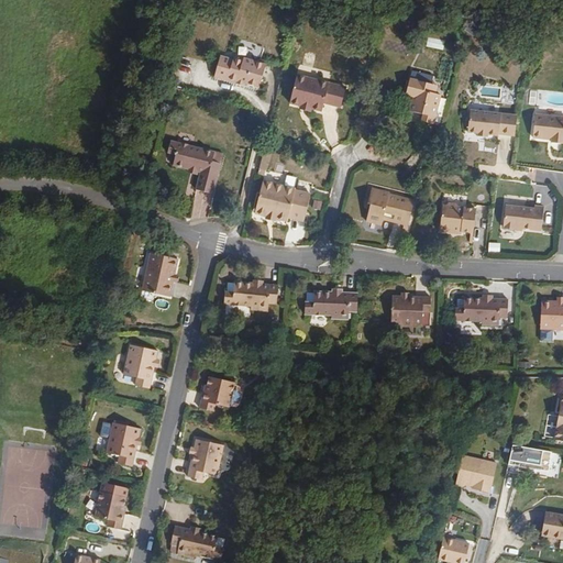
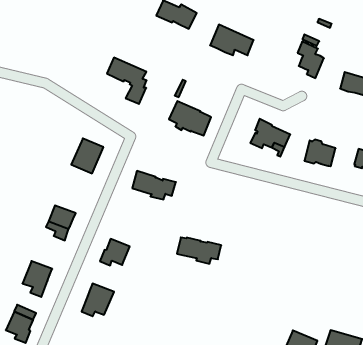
building: [303,291,358,320] -> [177,237,221,264]
building: [391,295,431,323] -> none
building: [455,298,509,327] -> none

